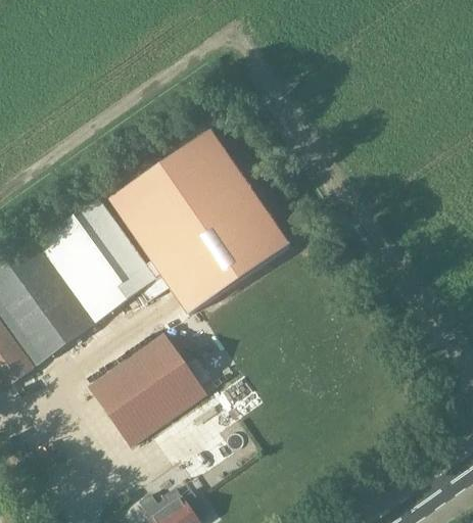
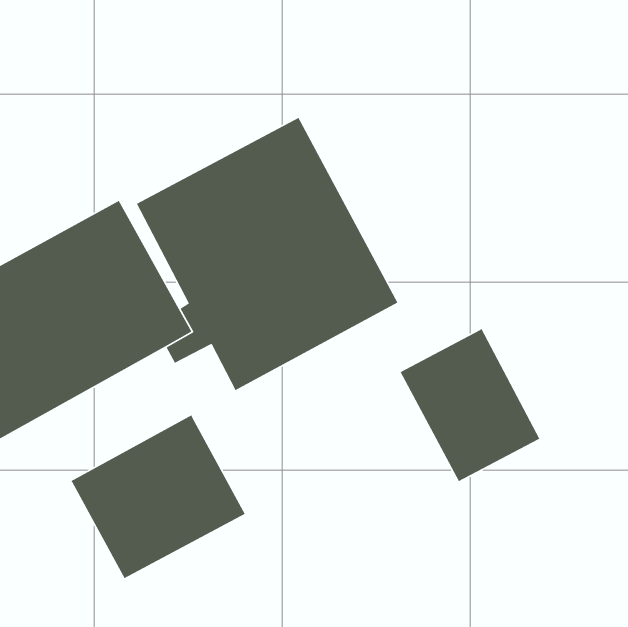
building: none -> [399,328,540,482]

